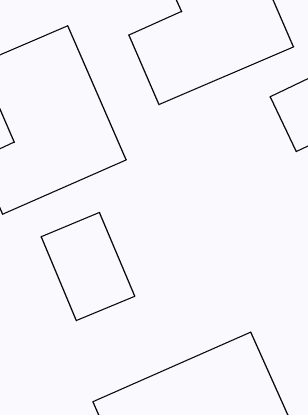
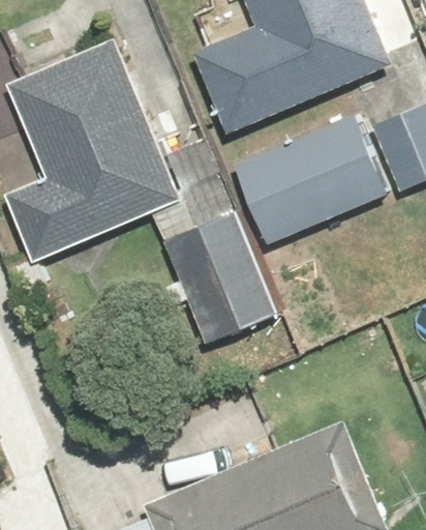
building: none -> [227,112,385,243]
building: [41,213,135,321] -> [163,214,279,348]

